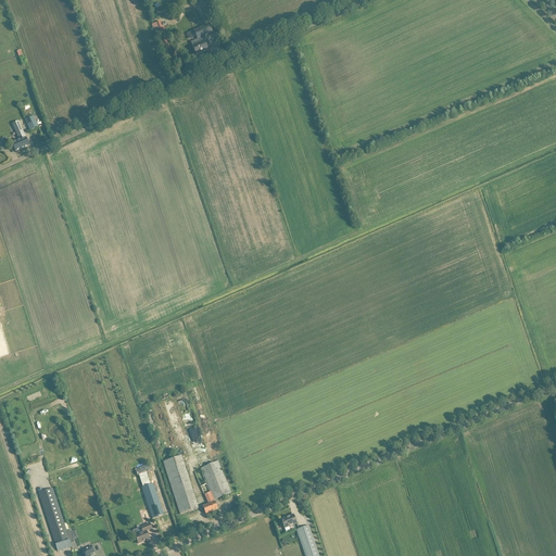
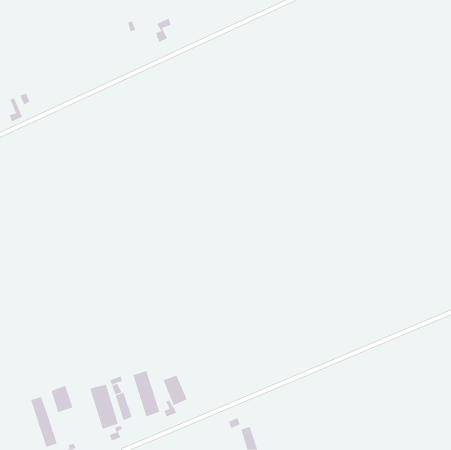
building: none -> [90,384,119,429]
building: none -> [51,385,73,413]

